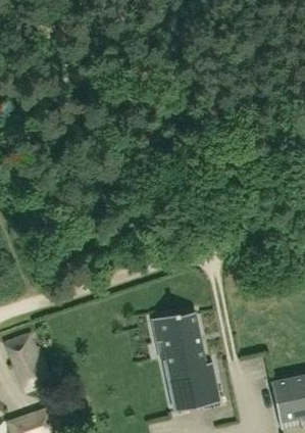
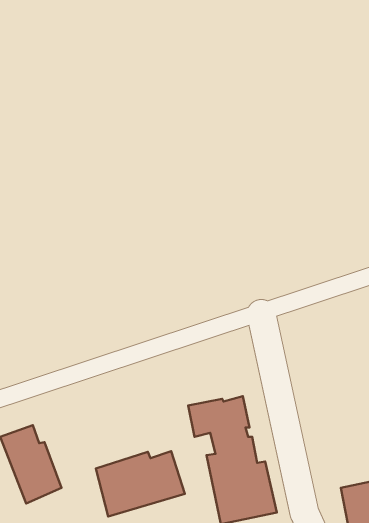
building: none -> [96,451,185,517]

